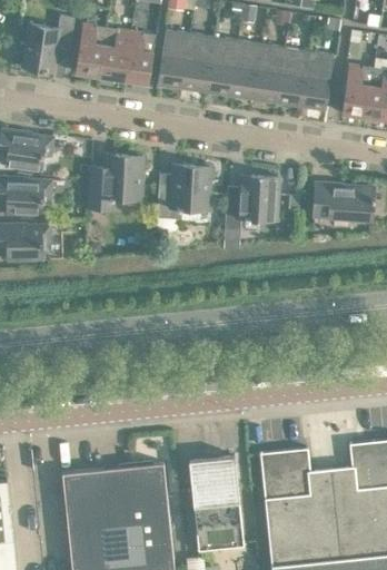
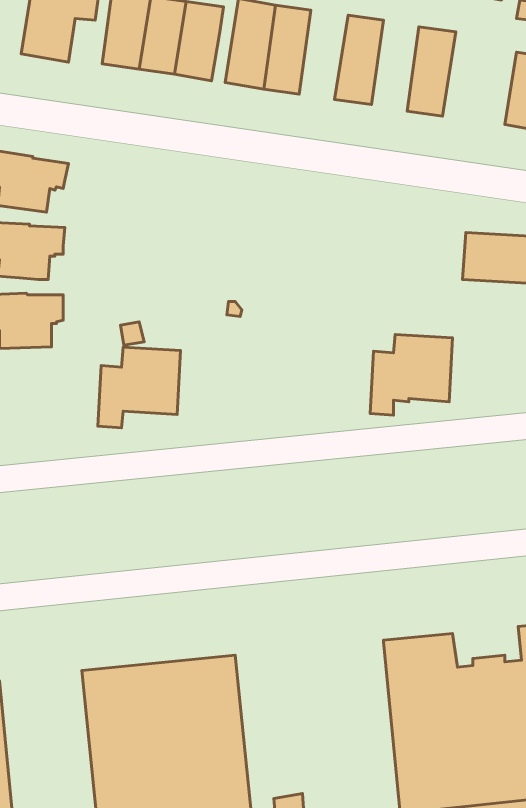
building: [206,37,238,96] -> none
building: [254,43,285,104] -> none
building: [300,51,334,110] -> none
building: [89,155,143,208] -> [98,347,180,428]
building: [157,165,211,218] -> none
building: [225,176,279,229] -> [370,334,453,415]
building: [190,455,244,550] -> none

